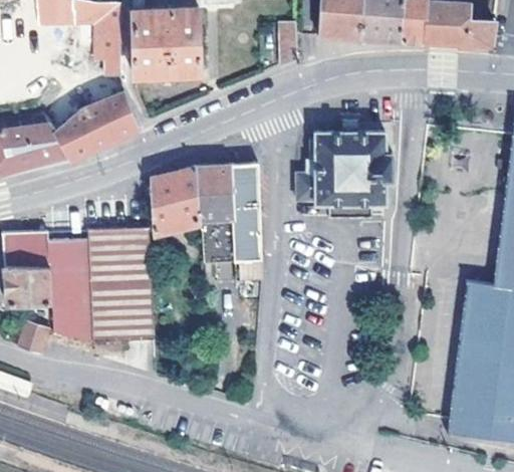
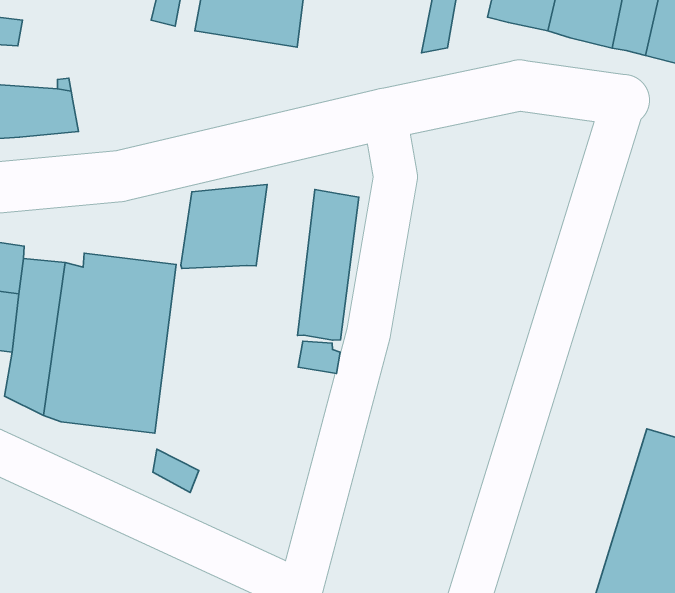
building: [63,92,140,159] -> none
building: [296,132,394,218] -> none
building: [197,164,233,259] -> none

